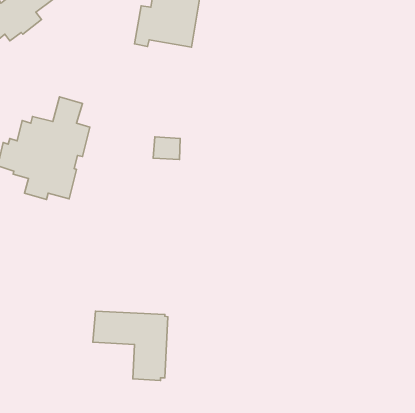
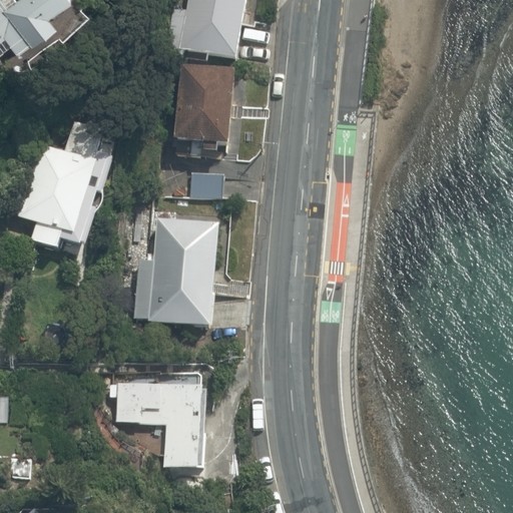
building: none -> [174,65,234,150]
building: none -> [133,218,218,325]

